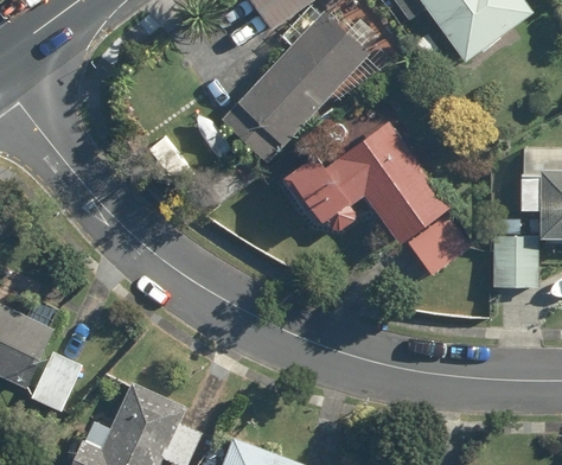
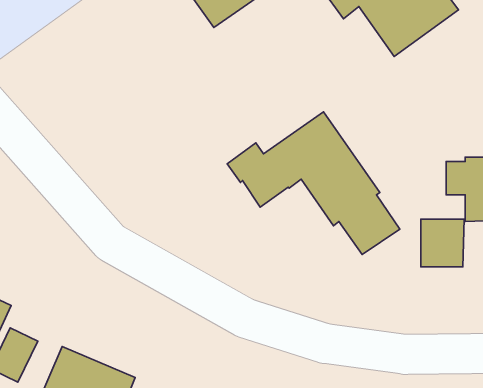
building: [221,11,378,163] -> none

